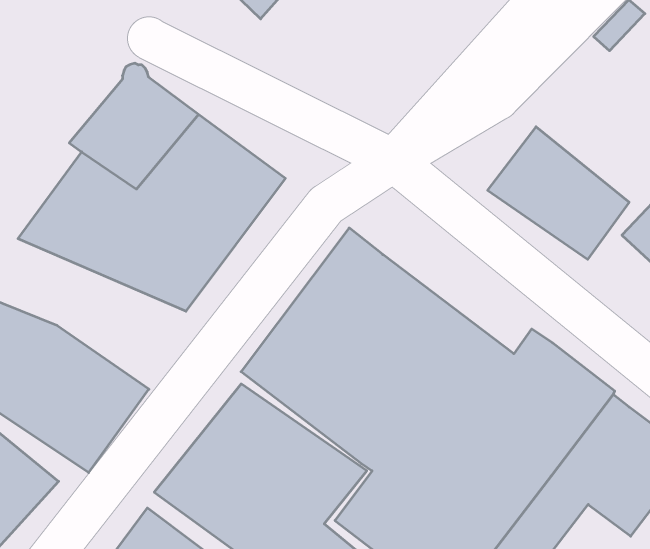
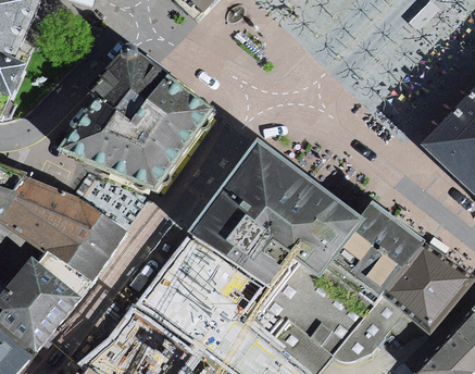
building: [488,127,629,259] -> none

